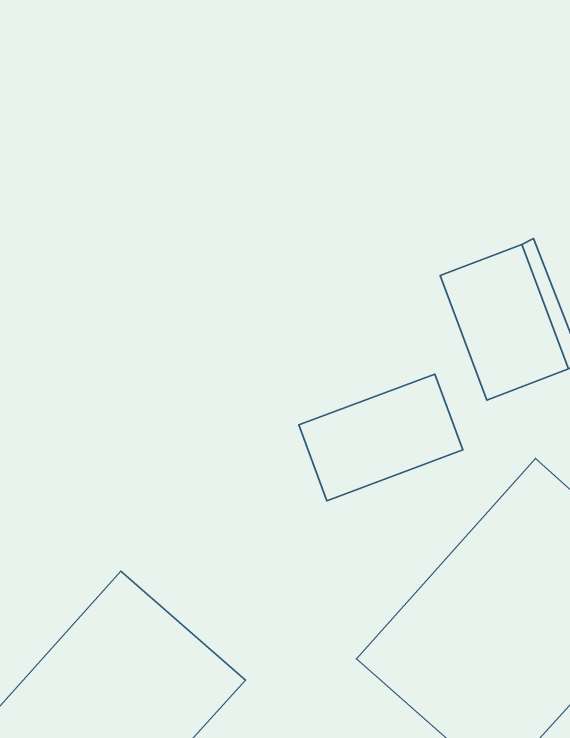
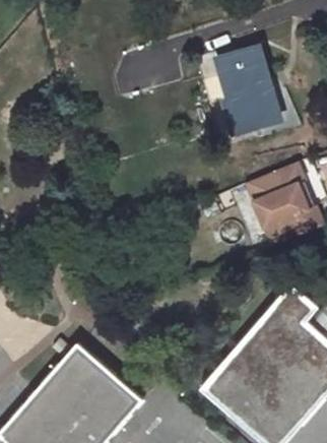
building: none -> [216,48,273,136]
building: [299,374,463,501] -> none

